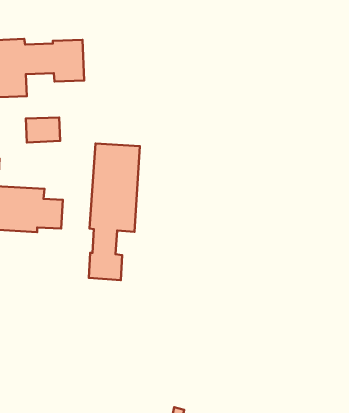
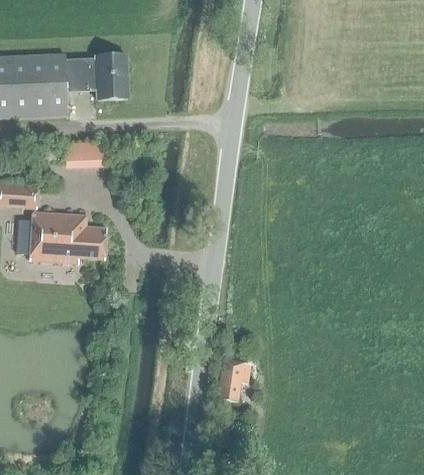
building: [89,144,140,280] -> none
building: none -> [216,358,249,402]

